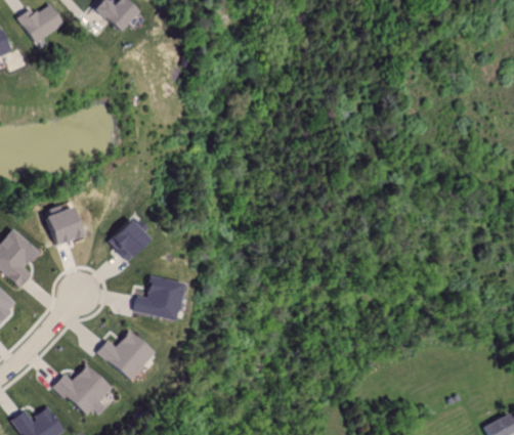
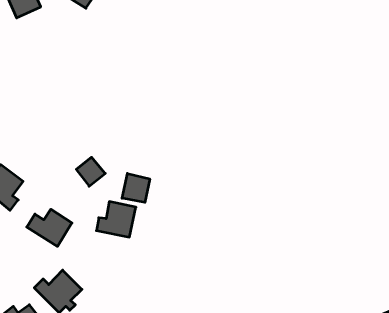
building: [44,206,84,244] -> none
building: none -> [122,173,150,202]
building: [97,333,155,380] -> [27,209,72,246]

